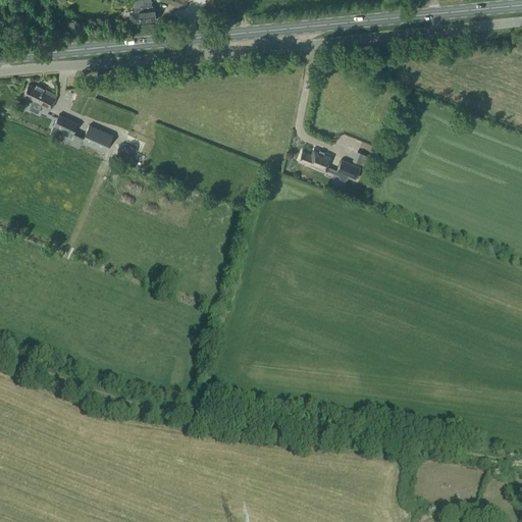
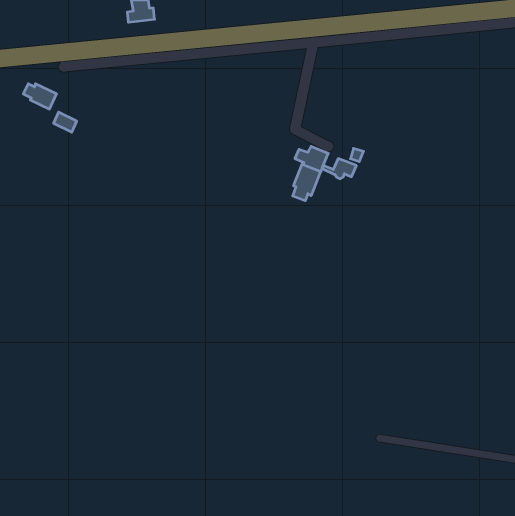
building: [83,124,113,151] -> none
building: none -> [293,164,320,201]

